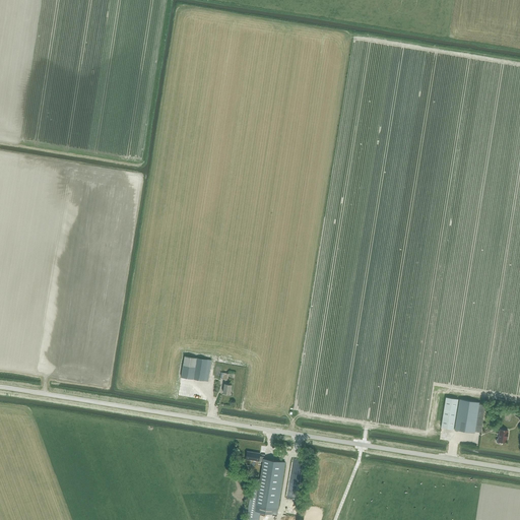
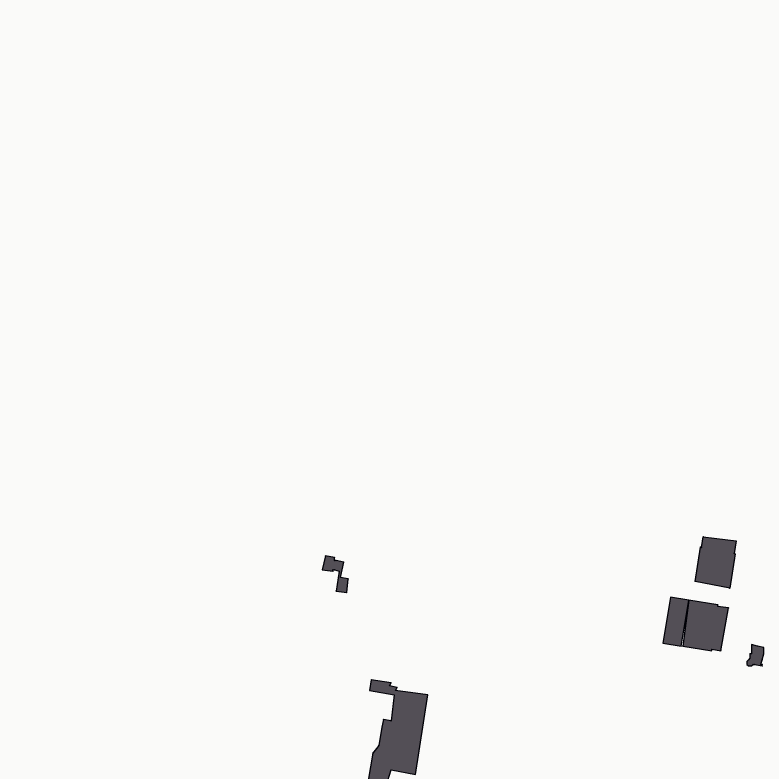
building: [182,358,212,383] -> none
building: none -> [695,537,736,588]

